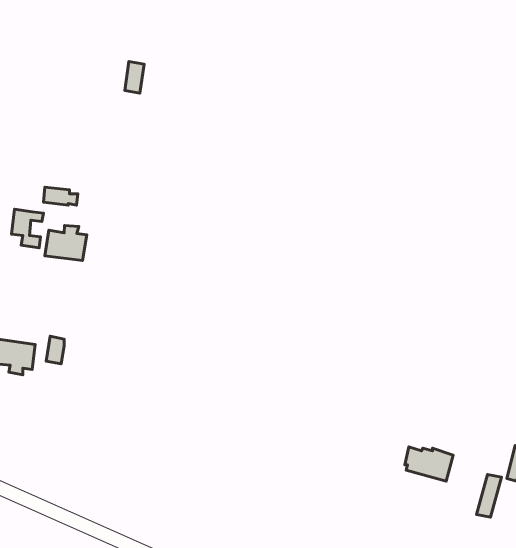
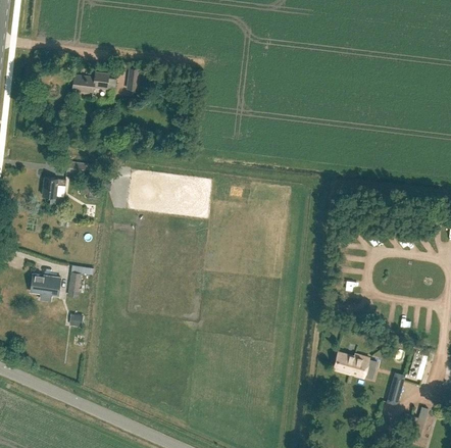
building: none -> [72,71,108,92]
building: [45,226,87,261] -> none

